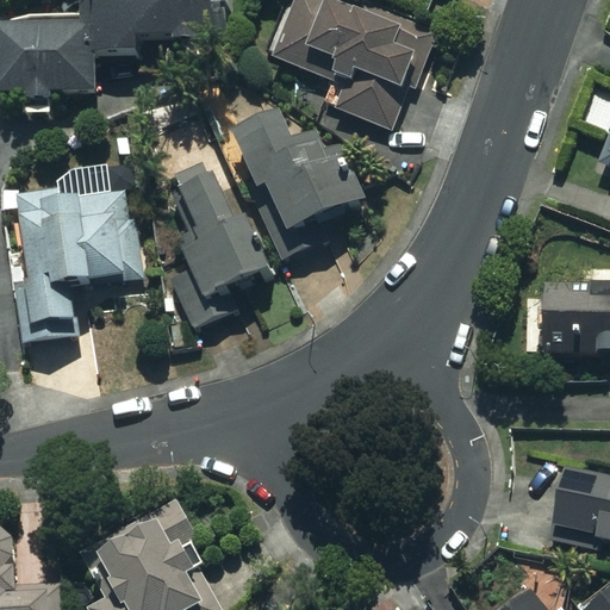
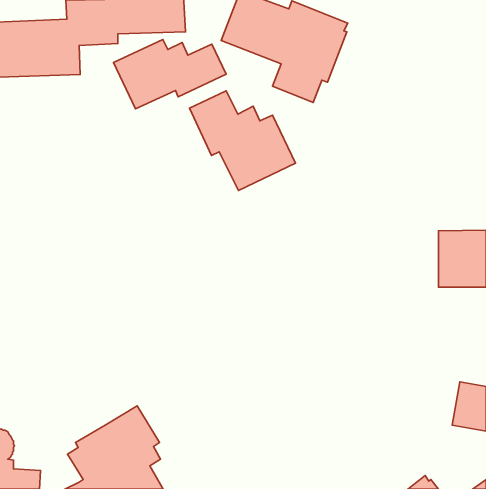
building: none -> [113,39,226,109]
building: [12,157,142,337] -> none
building: [169,178,275,330] -> none

